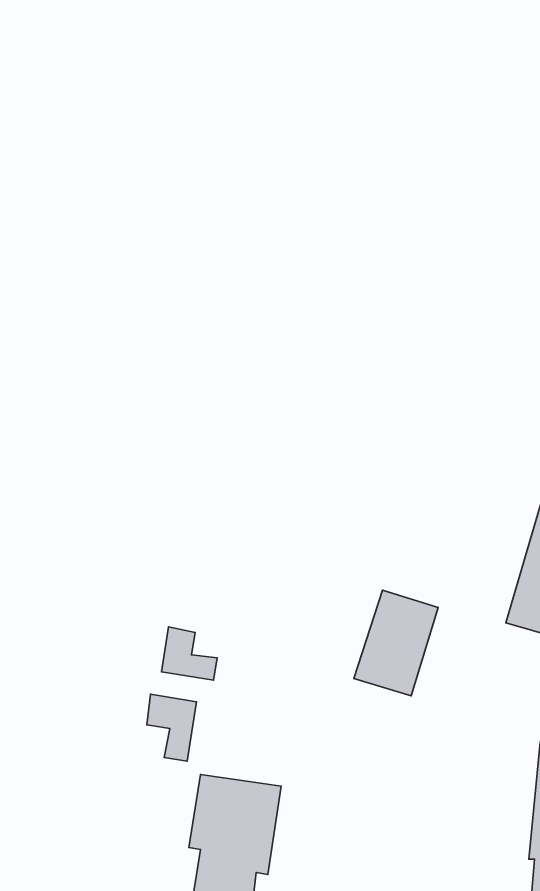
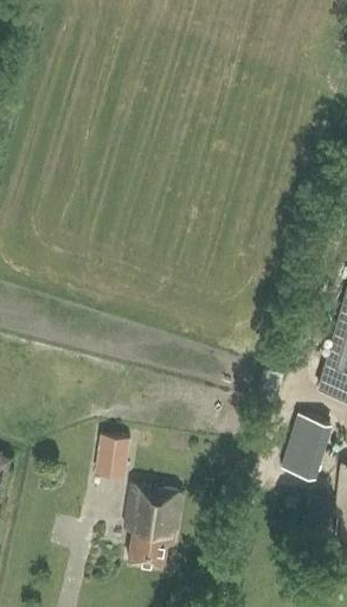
building: [354,590,438,696] -> [281,411,333,477]
building: [161,627,217,680] -> none

